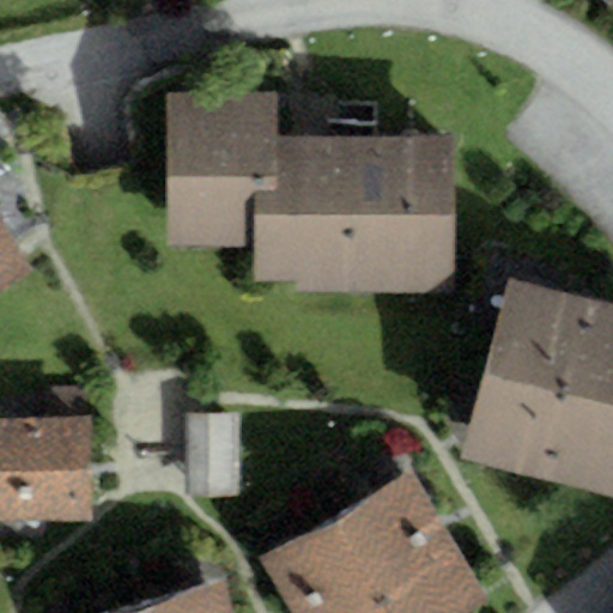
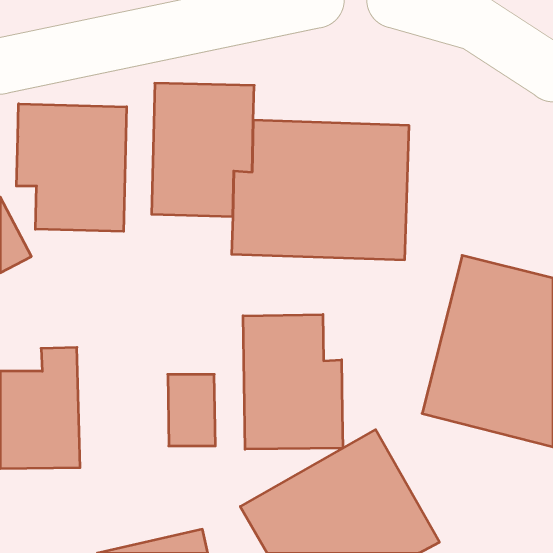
building: none -> [16,104,127,231]
building: none -> [243,314,343,449]

